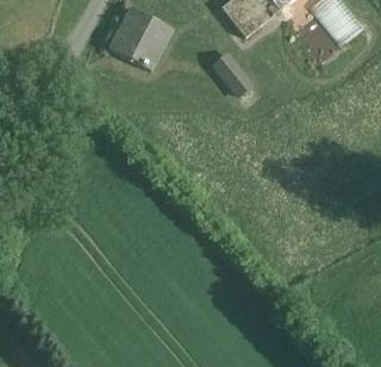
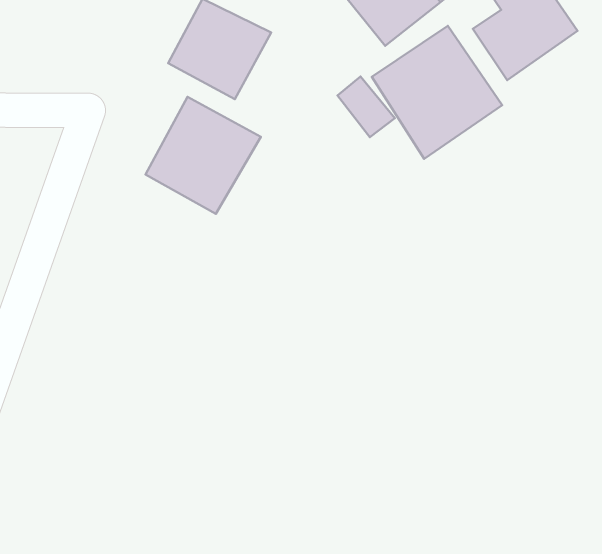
building: none -> [372,26,502,159]
building: none -> [146,97,261,214]

